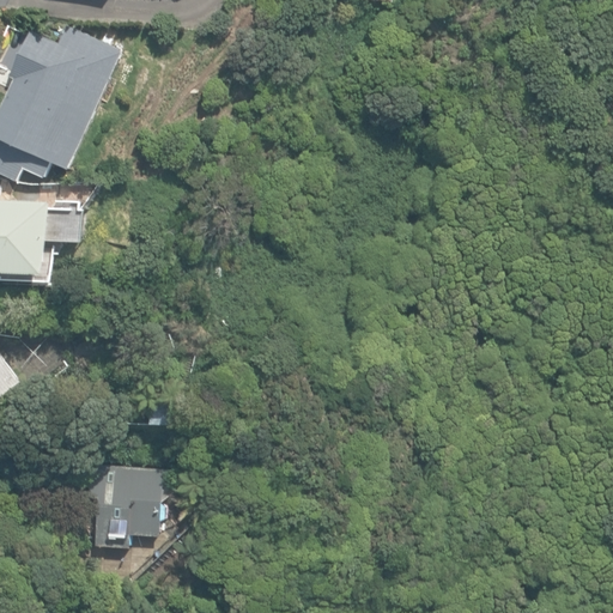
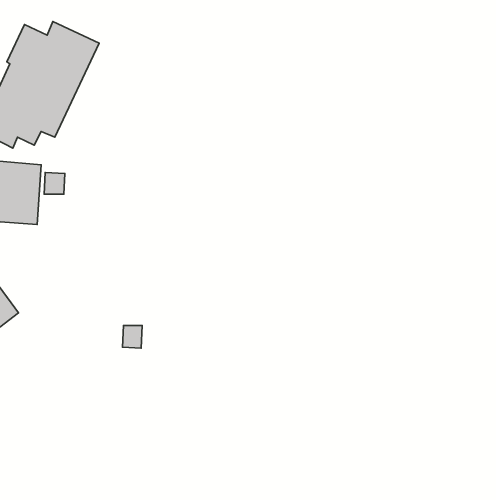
building: [86,463,162,548] -> none

